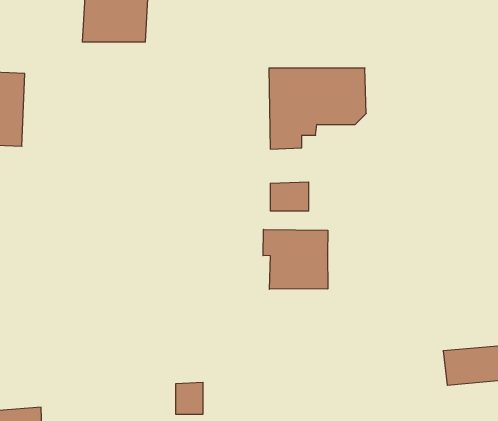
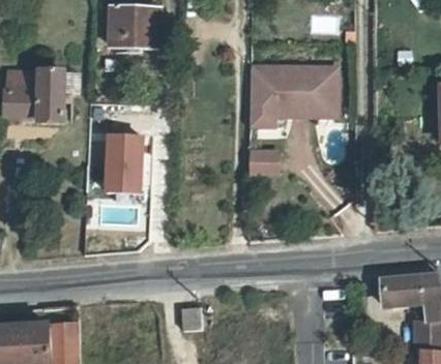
building: none -> [284,65,336,116]
building: none -> [109,134,144,193]
building: [263,229,328,289] -> none

